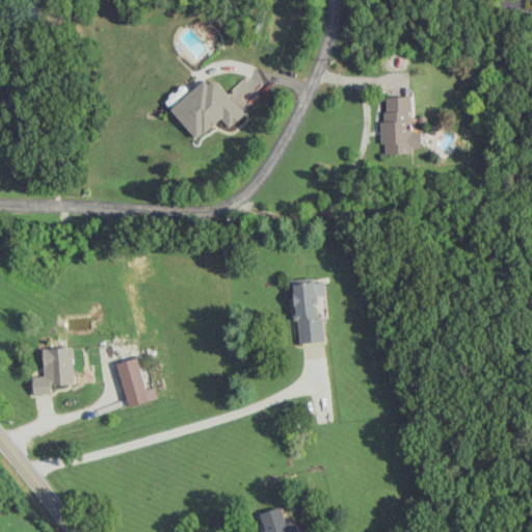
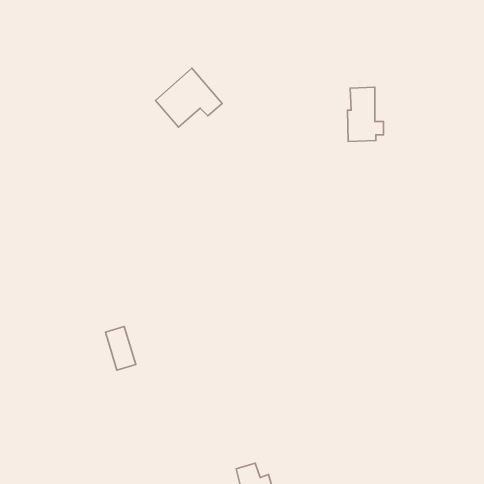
building: [292,280,325,344] -> none
building: [32,348,73,396] -> none

